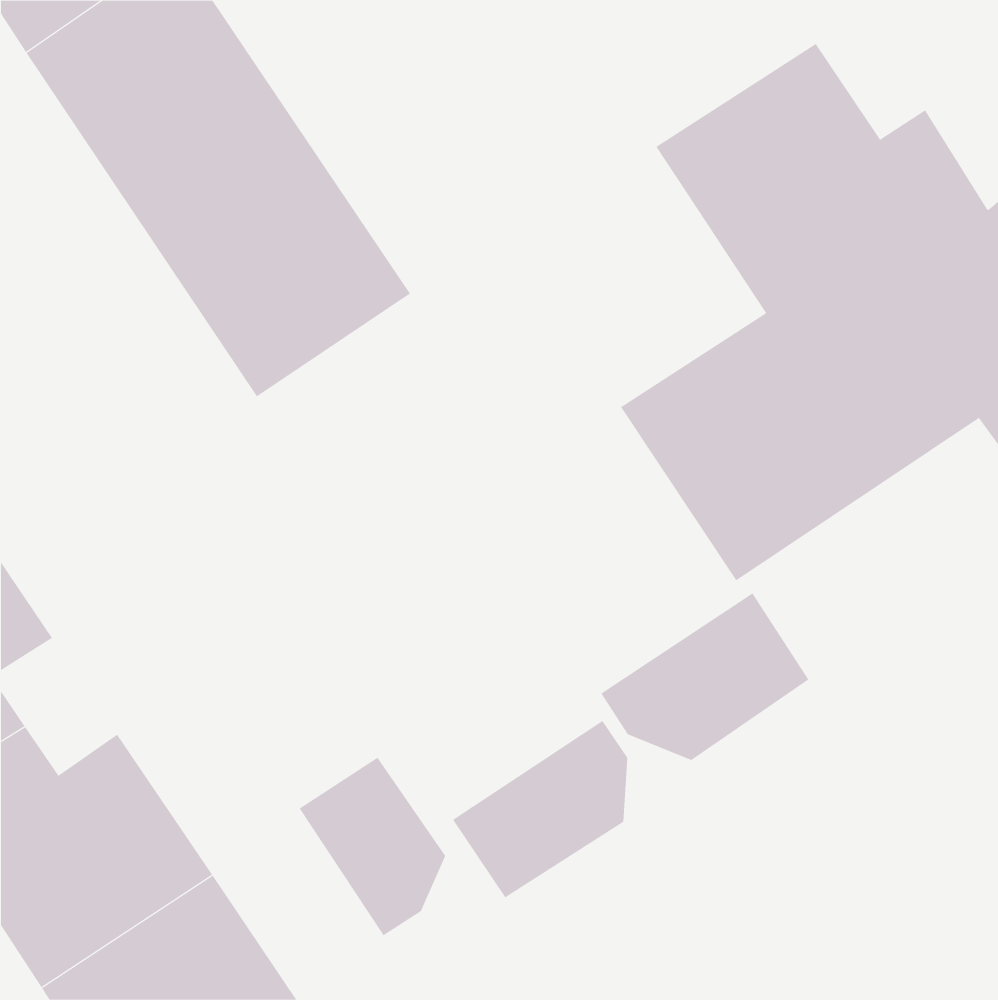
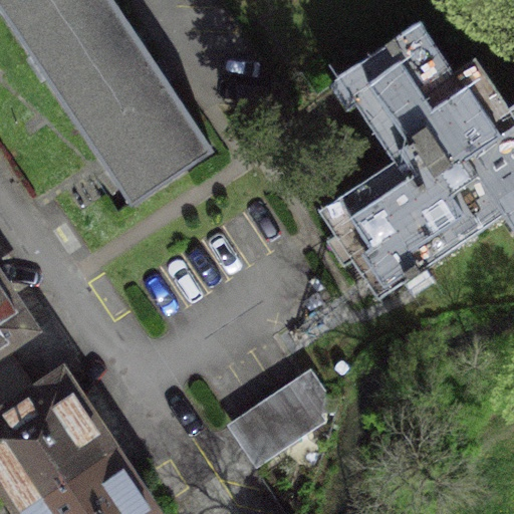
building: [600,592,809,761] -> none
building: [299,757,446,936] -> none

